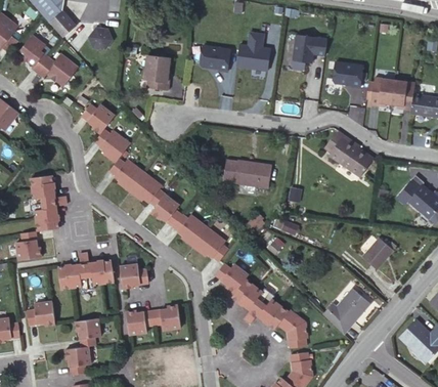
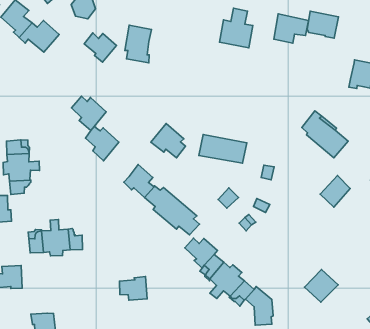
building: [200,46,230,73] -> none
building: [333,62,363,88] -> [307,11,338,38]
building: [81,103,114,132] -> [84,33,117,62]
building: [129,172,164,206] -> [151,124,185,158]
building: [363,238,393,269] -> [320,176,350,207]
building: [119,264,147,289] -> none
building: [323,303,354,334] -> none
building: [125,310,152,335] -> none
building: [75,318,99,347] -> none

